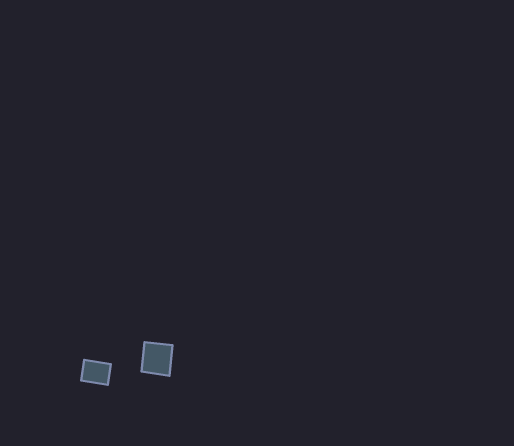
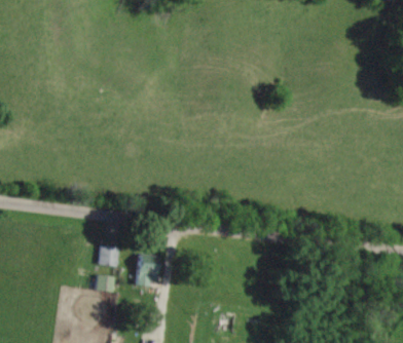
building: none -> [97,243,118,266]

